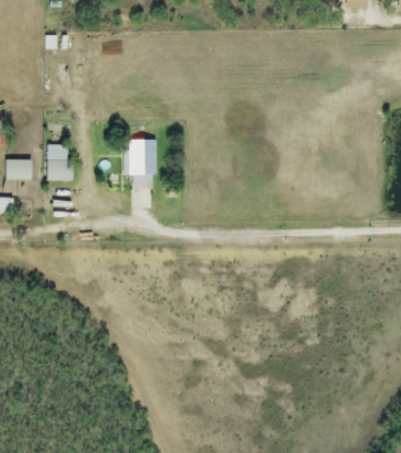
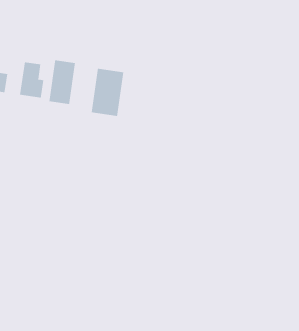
building: none -> [49,59,76,105]

